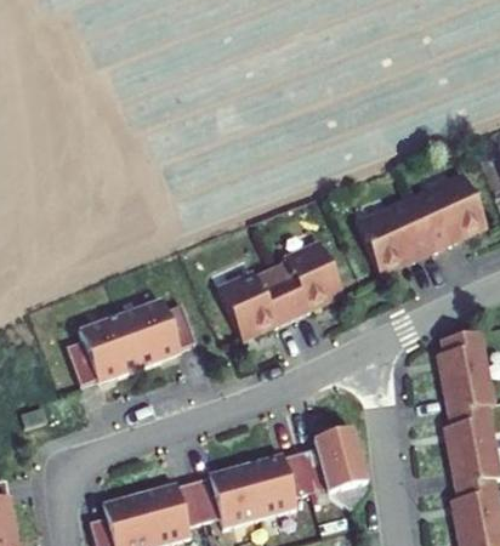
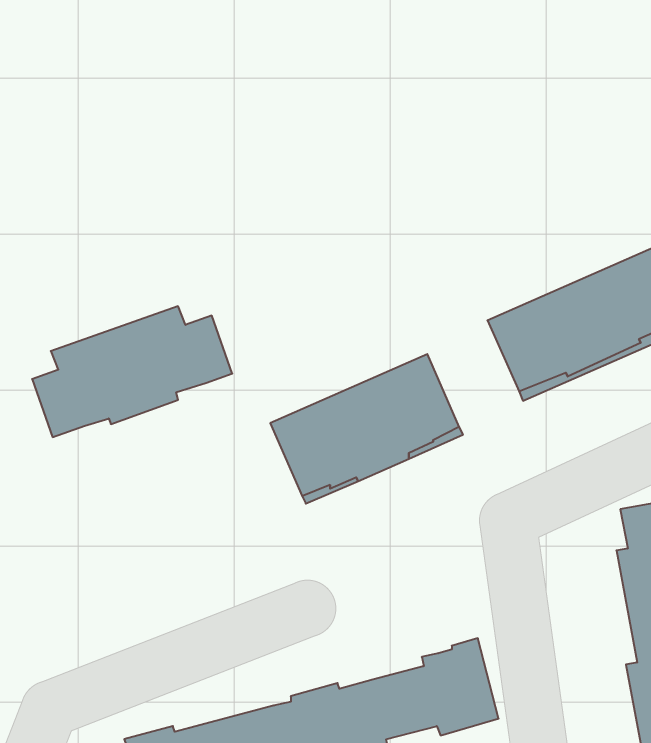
building: [64,300,194,385] -> [32,306,232,437]

